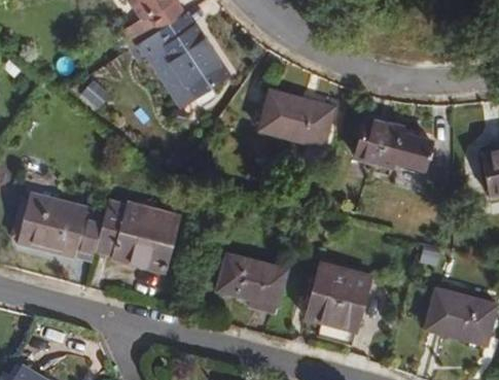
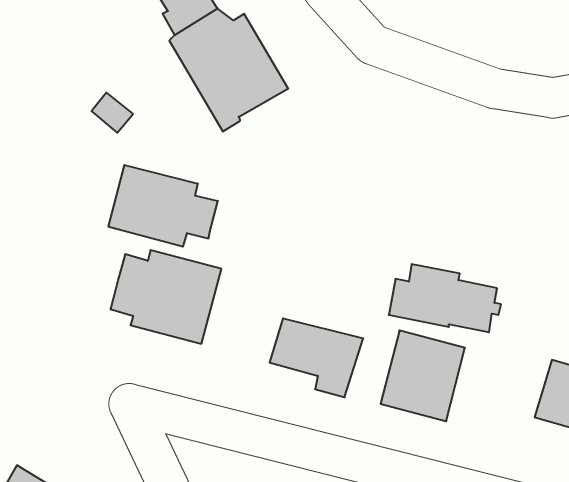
building: [257,92,334,149] -> none
building: [354,118,440,171] -> [389,264,501,332]
building: [16,194,101,256] -> [108,165,218,247]

